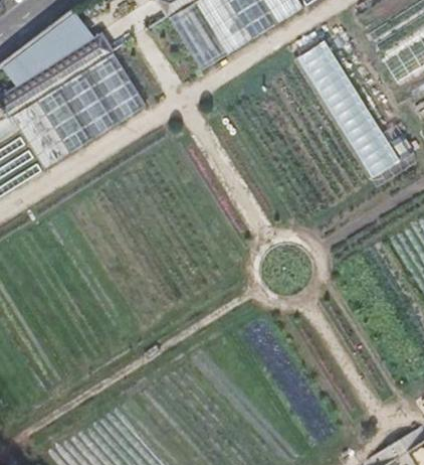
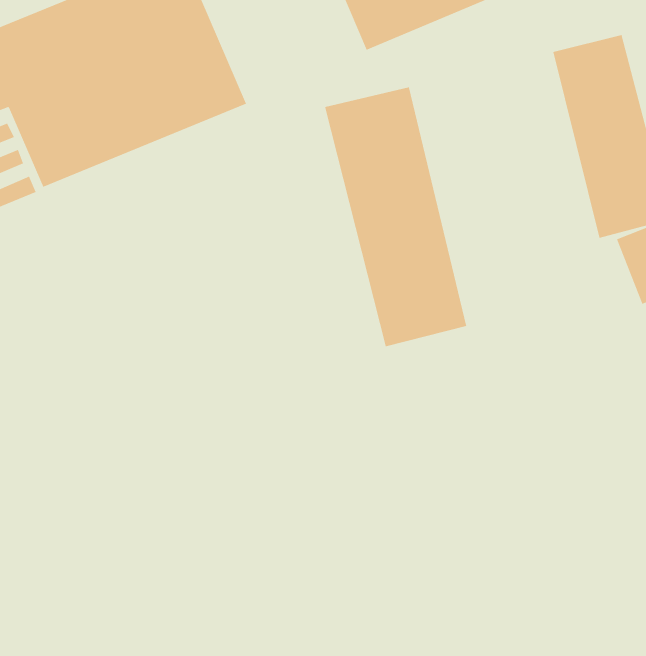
building: none -> [324,87,467,347]

